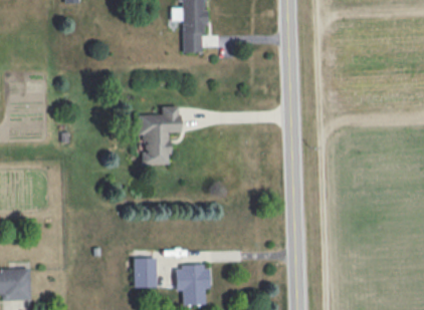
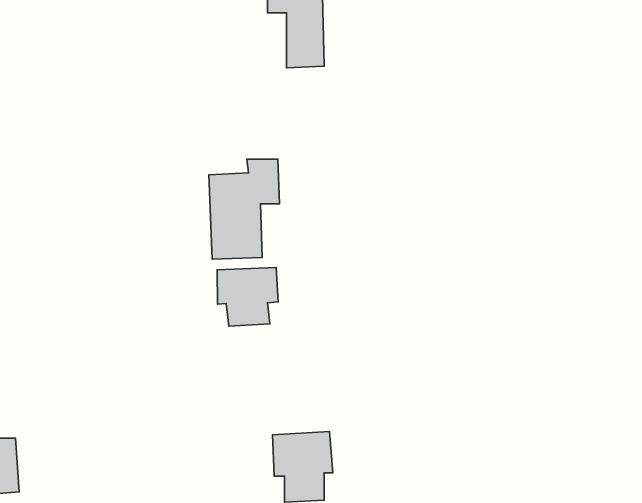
building: none -> [217,268,278,326]
building: [134,258,157,287] -> none

